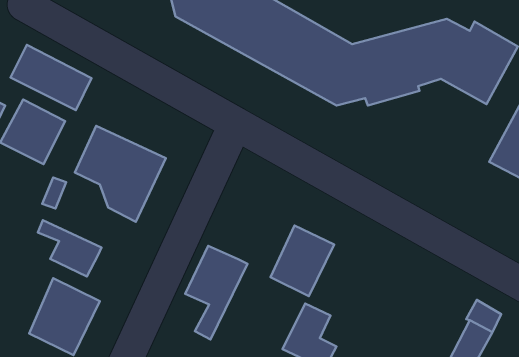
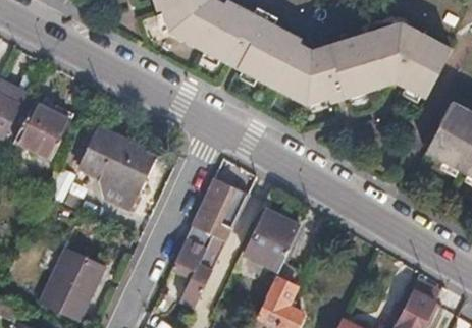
building: [11,45,91,110] -> none
building: none -> [193,175,249,239]
building: [38,220,102,277] -> none

